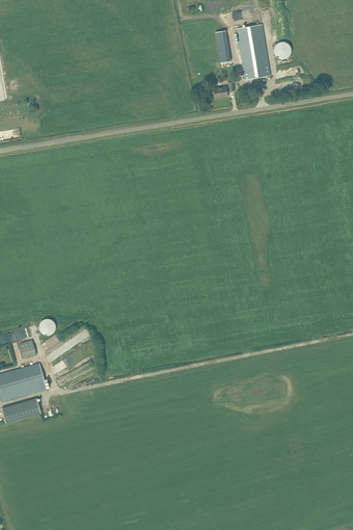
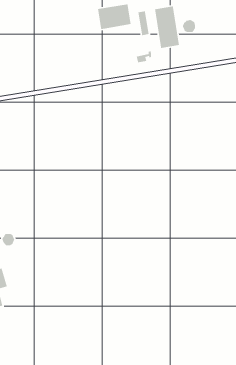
building: none -> [97,3,132,30]

